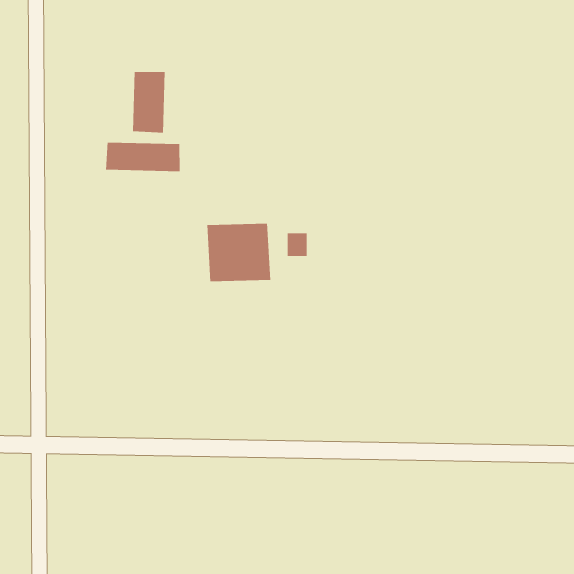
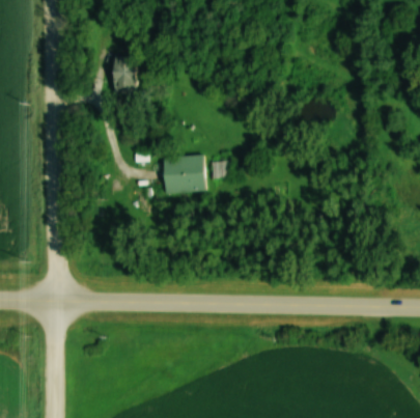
building: [105,142,180,172] -> none

